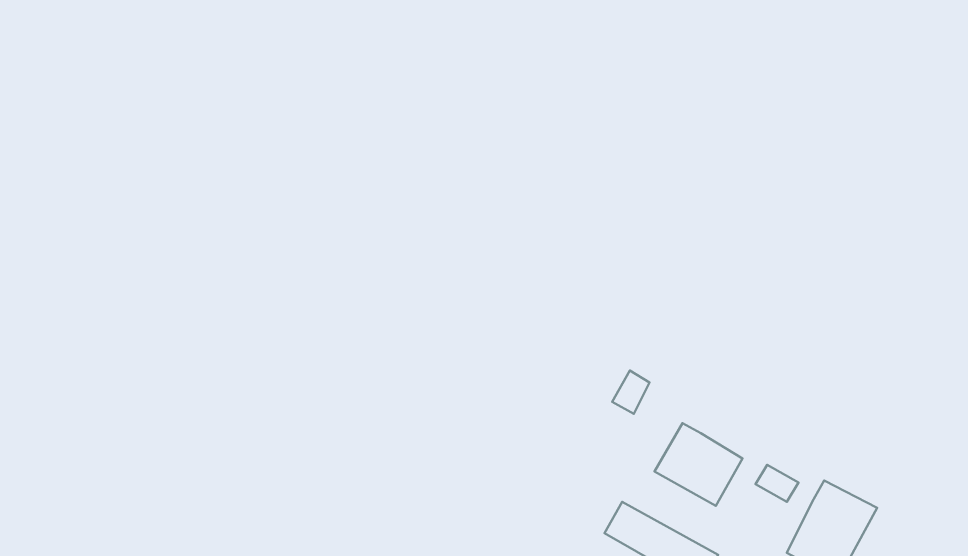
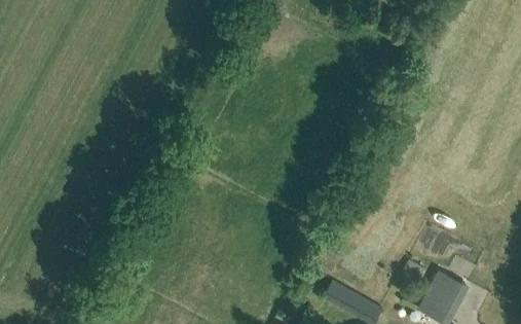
building: [654,423,742,506] -> none

